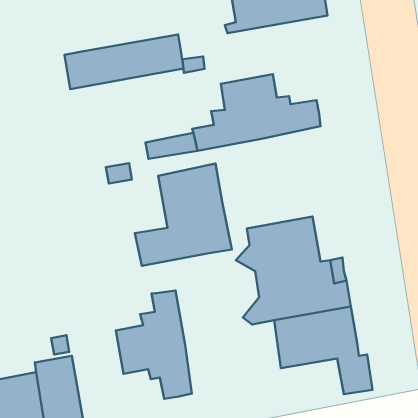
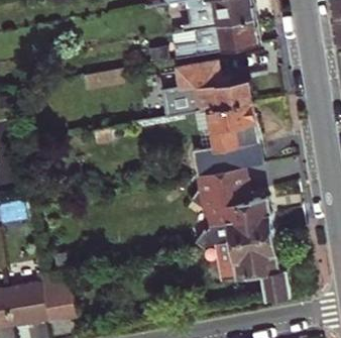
building: [65,34,183,89] -> [170,20,258,61]
building: [135,163,232,266] -> [190,102,261,178]
building: [116,290,192,399] -> none

